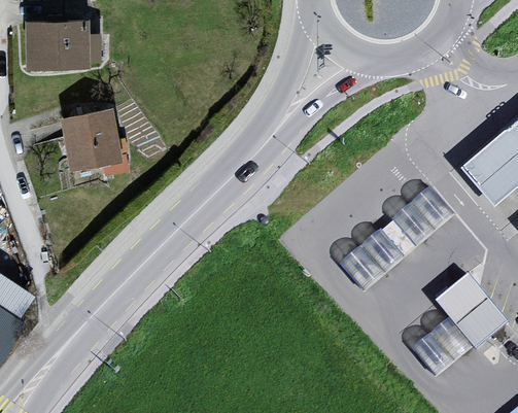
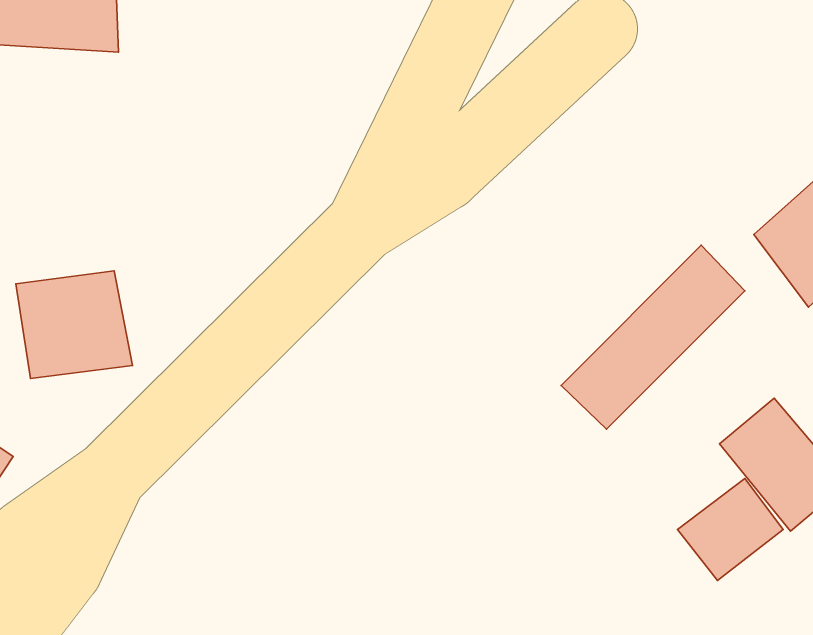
building: [59,109,125,170] -> [16,271,132,378]

